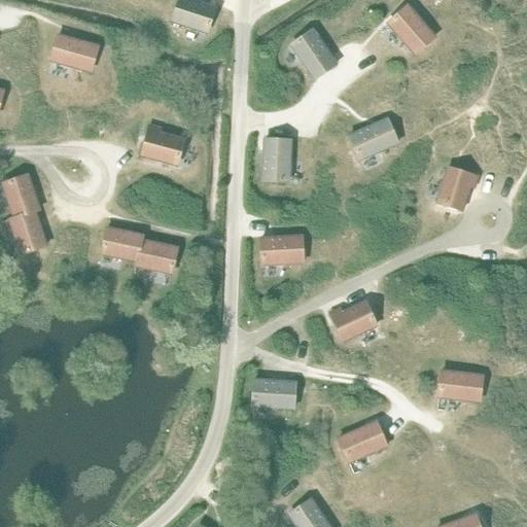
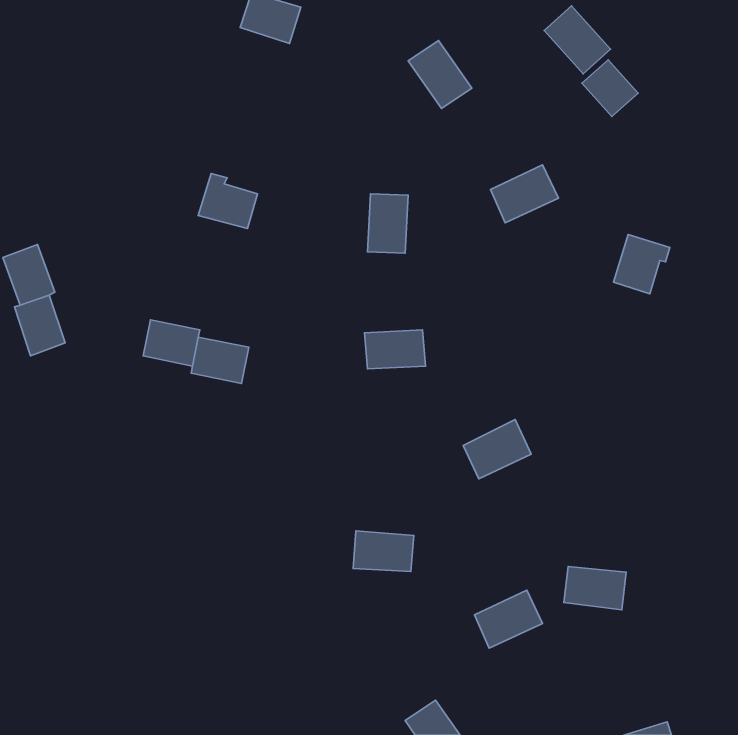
building: [51,34,98,71] -> none
building: none -> [582,60,638,117]
building: [438,370,483,400] -> [564,566,626,610]

